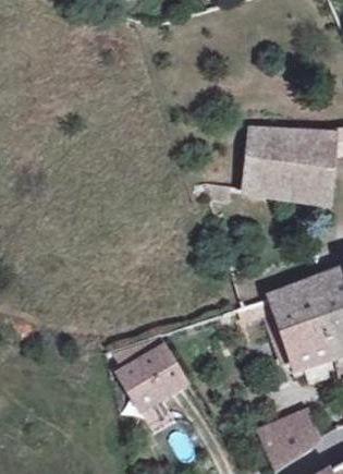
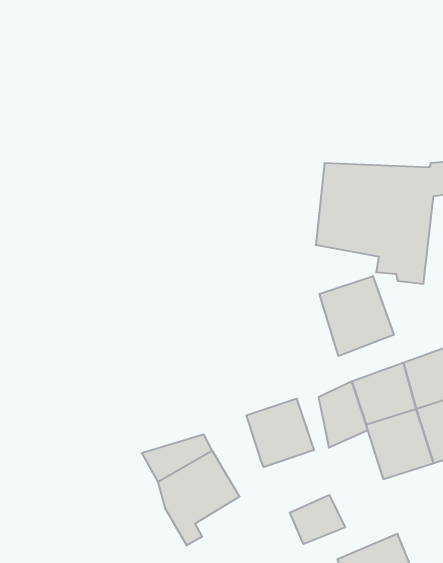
building: none -> [320,276,394,356]
building: none -> [246,399,314,467]
building: none -> [290,495,345,544]

